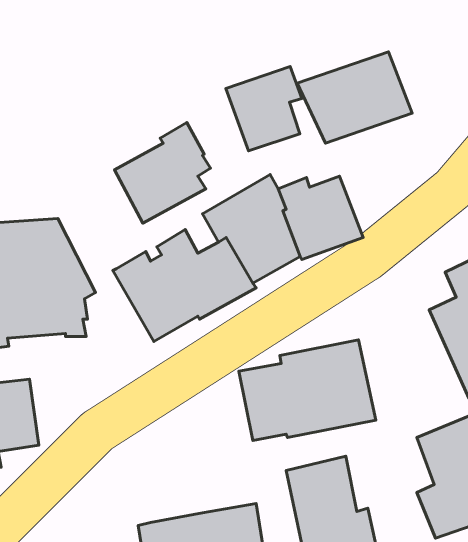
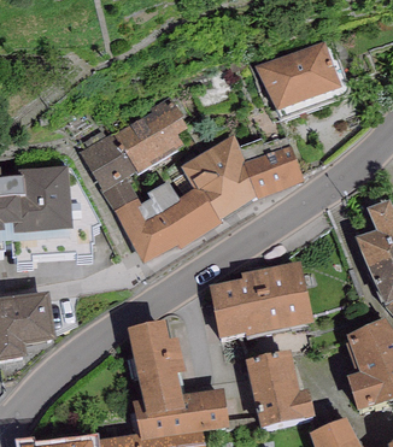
building: [226,66,302,151] -> none
building: none -> [80,131,137,207]
building: none -> [128,322,186,401]

